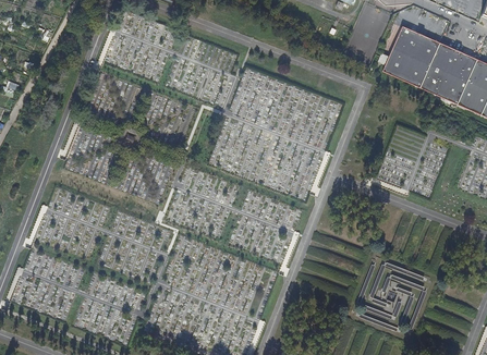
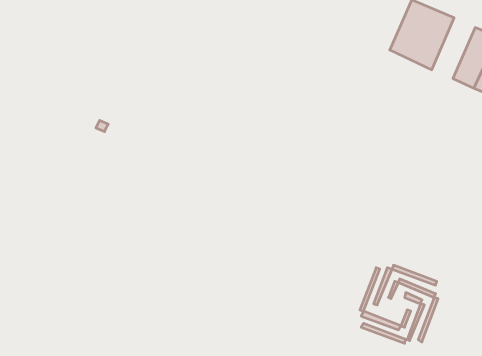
building: [418,42,456,96] -> none

